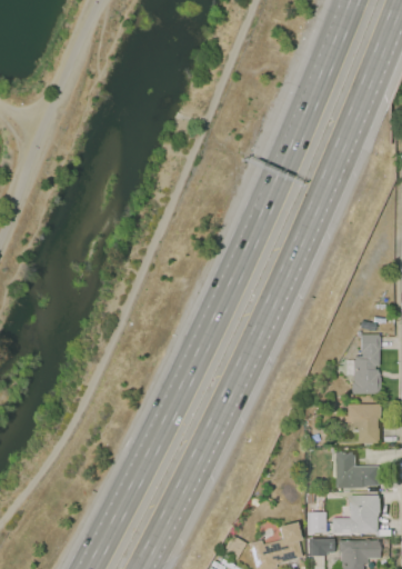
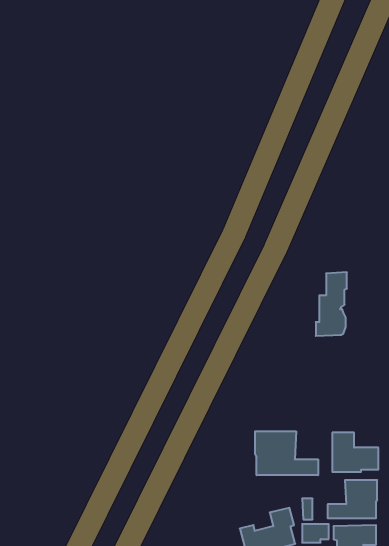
building: [352,335,382,396] -> [316,272,347,336]
building: [348,406,382,445] -> none
building: none -> [255,431,318,475]

